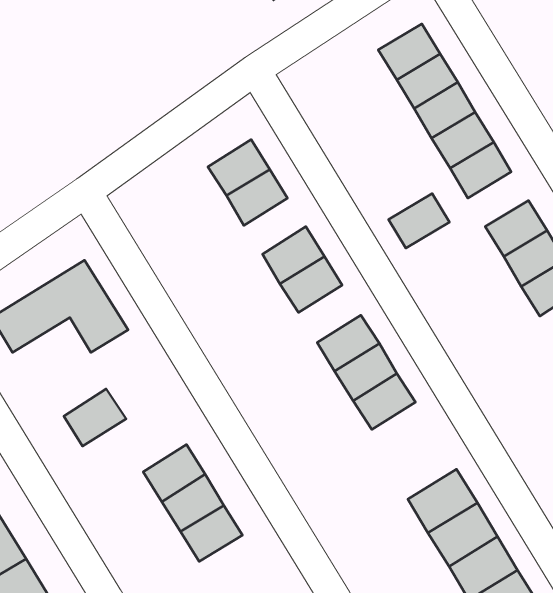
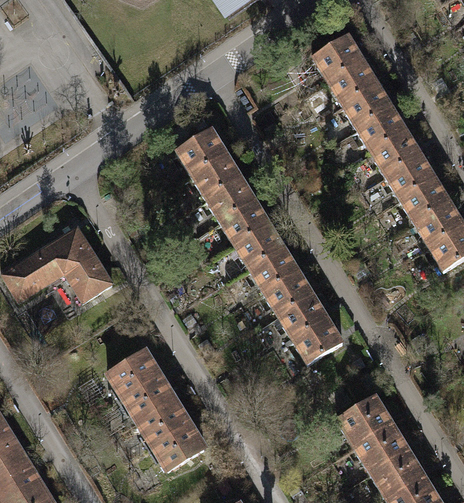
building: [389,193,449,248] -> [385,155,434,199]
building: none -> [205,176,255,221]
building: none -> [249,246,299,292]
building: [64,389,126,446] -> [109,350,159,396]

